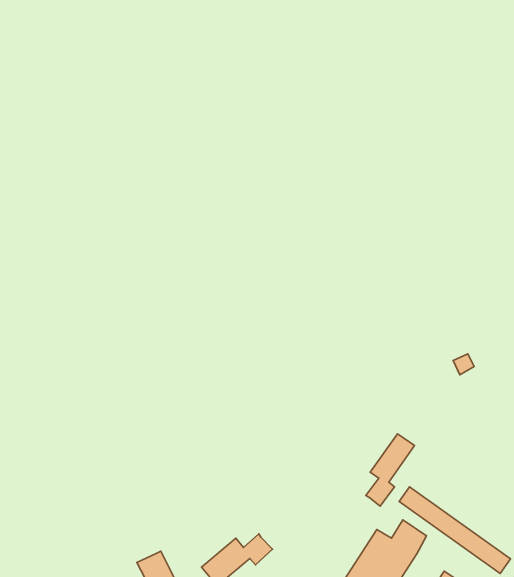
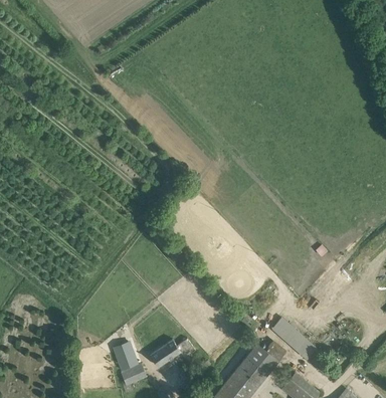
building: [366,434,415,506] -> none

